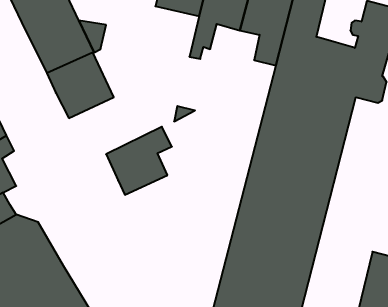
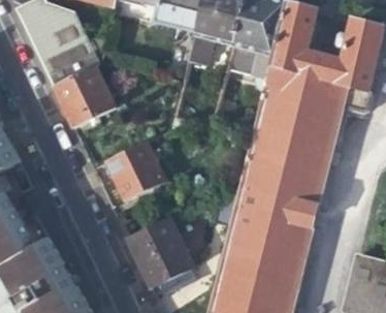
building: none -> [126,218,193,288]

